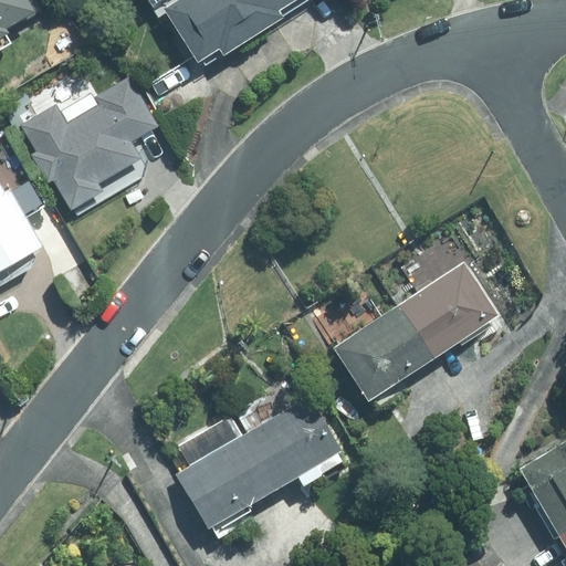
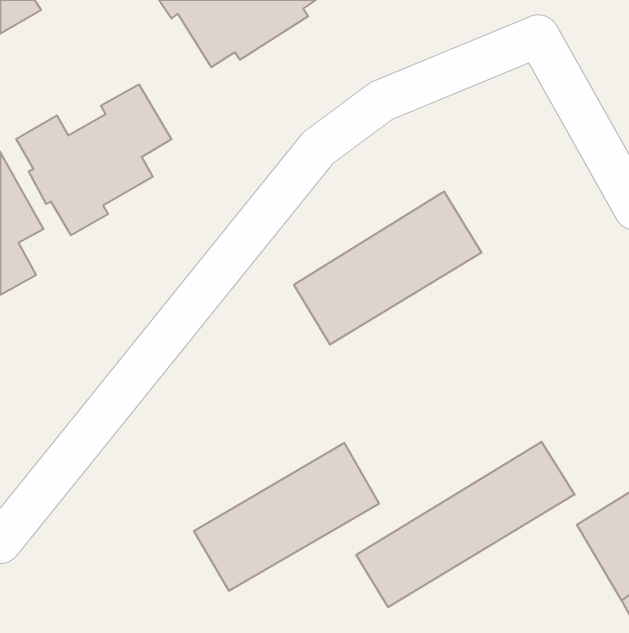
building: [333,263,500,399] -> [294,192,482,345]
building: none -> [356,442,575,607]

